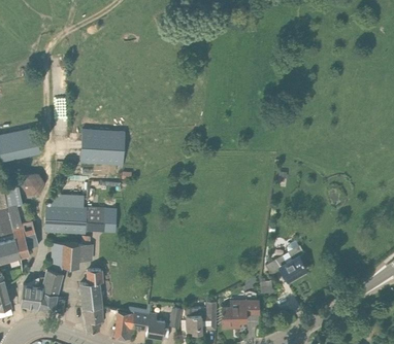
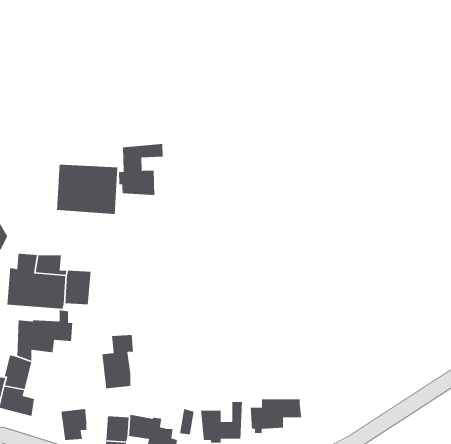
building: none -> [118,143,164,196]
building: [264,246,306,281] -> none
building: [79,270,103,310] -> [101,334,134,389]

